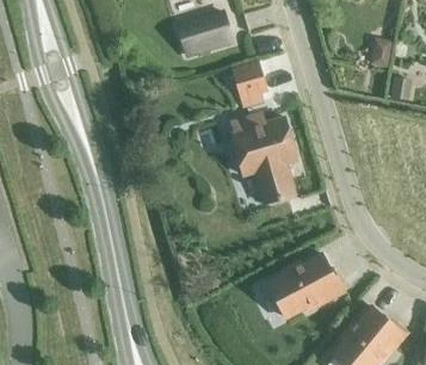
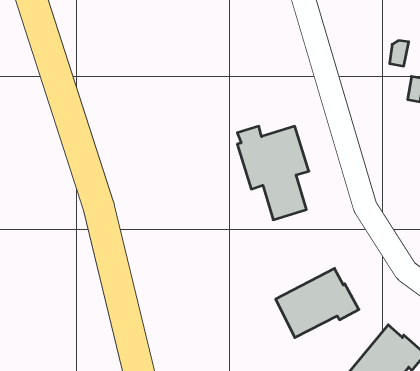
building: [178,12,233,57] -> none
building: [230,61,267,106] -> none

